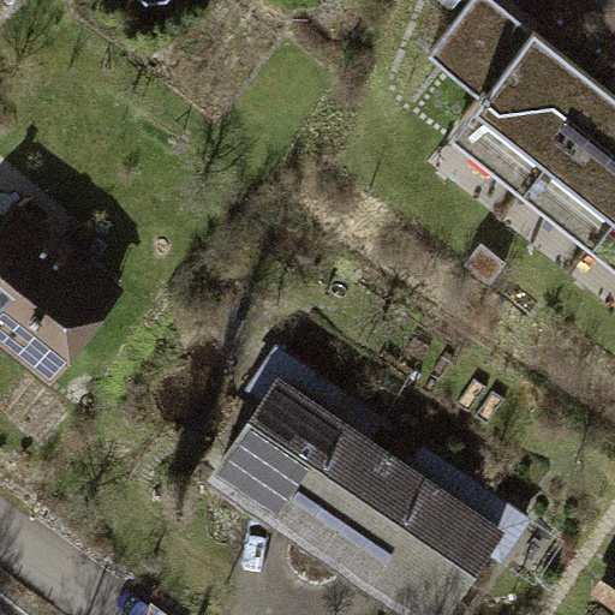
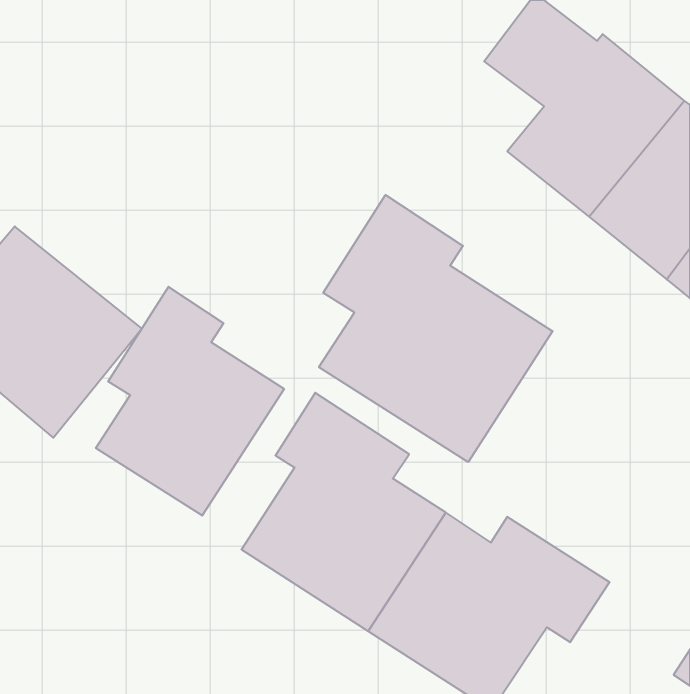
building: none -> [319,195,553,462]
building: none -> [96,287,284,516]

